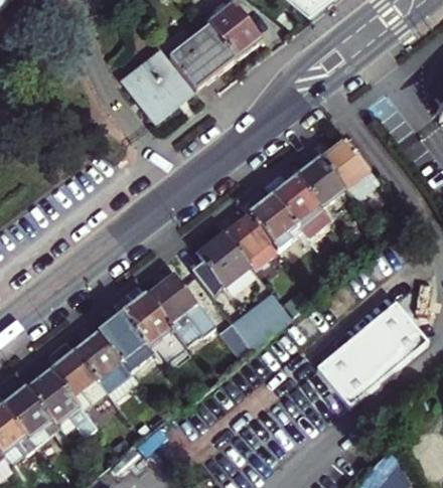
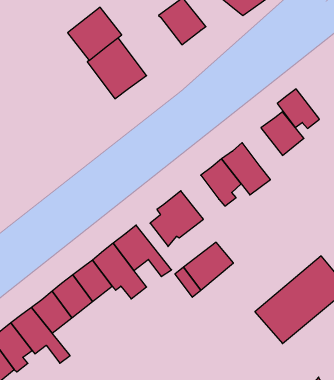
building: [169,24,233,87] -> [68,7,122,60]
building: [303,154,352,200] -> [277,89,319,128]
building: [232,209,276,255] -> none

